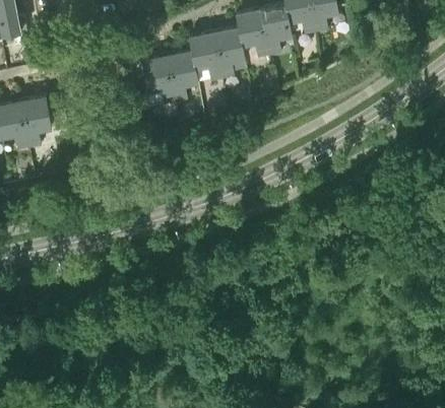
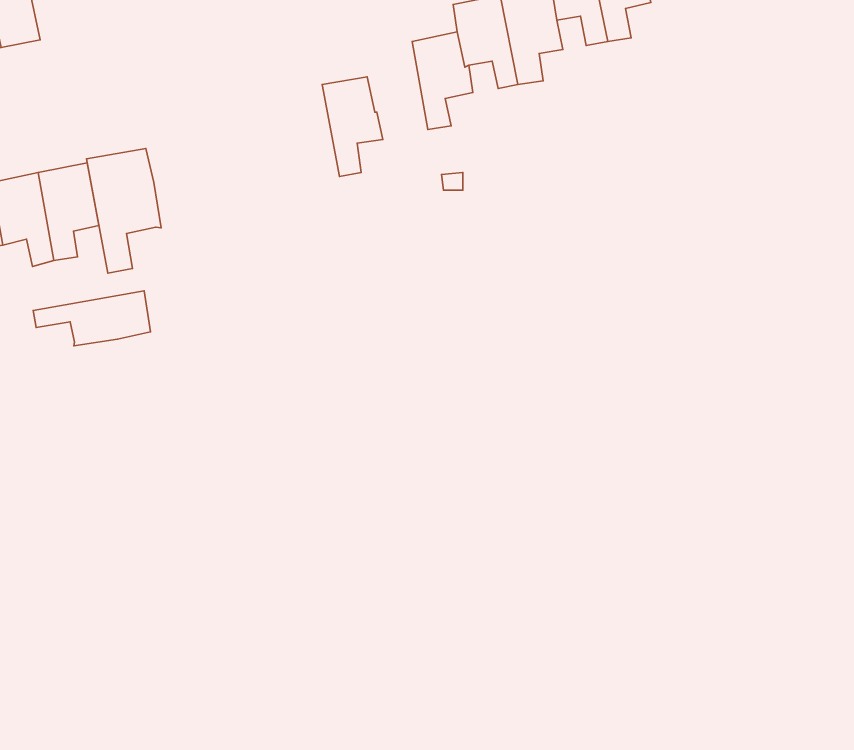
building: [189,32,222,81] -> none
building: [141,55,177,105] -> none
building: none -> [86,148,161,273]
building: none -> [33,291,151,346]

